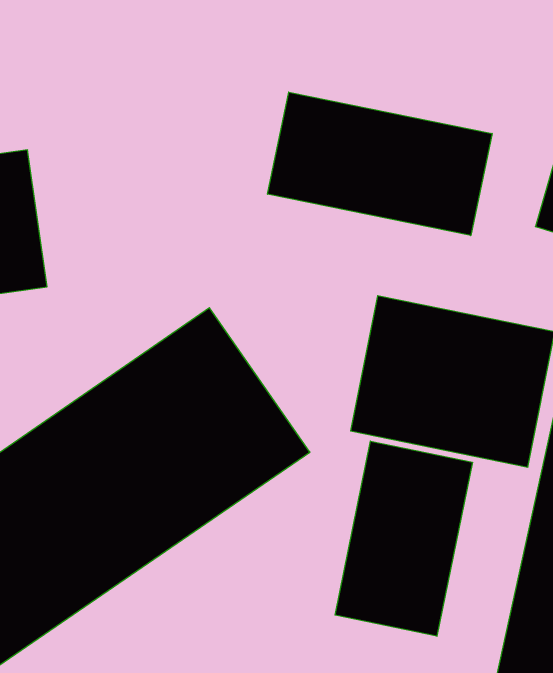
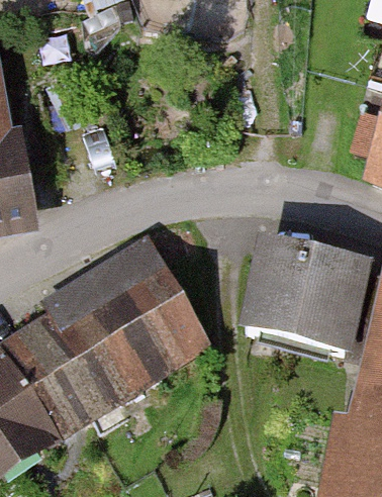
building: [268,92,492,236] -> none
building: [335,441,472,636] -> none

